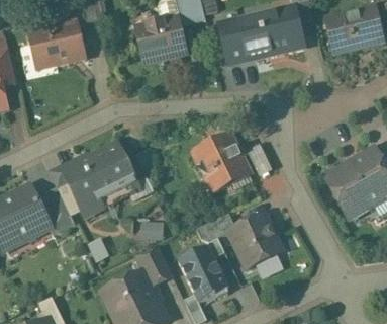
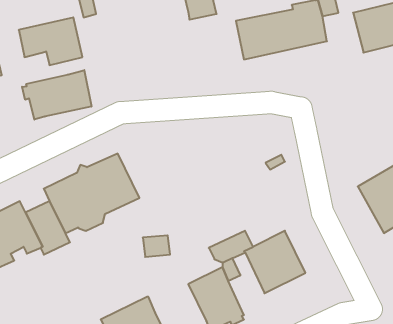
building: [135,16,186,62] -> none
building: none -> [22,70,91,120]
building: [194,134,247,191] -> none
building: [134,245,172,285] -> none

